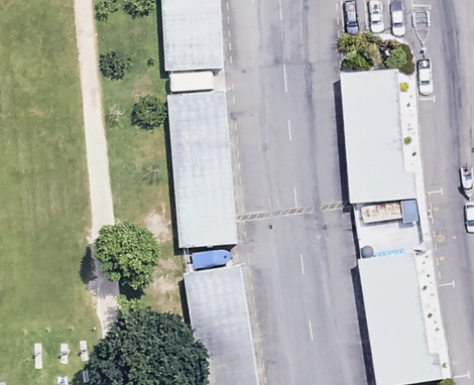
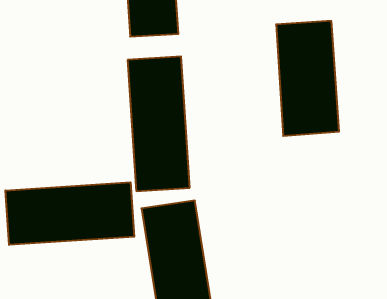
building: [358,226,436,371] -> none
building: none -> [5,182,134,245]

